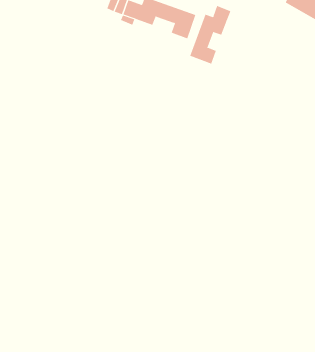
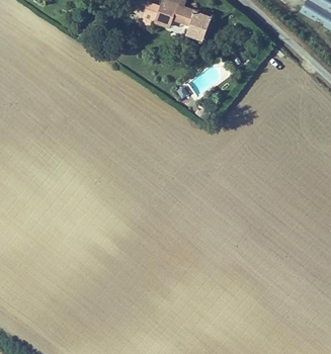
building: [190,5,231,65] -> none

